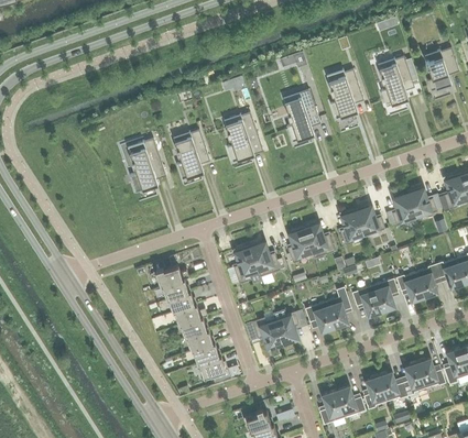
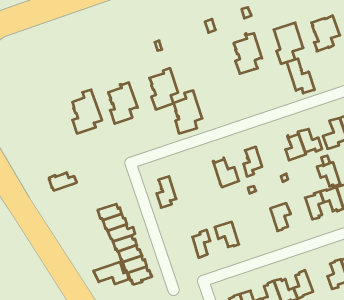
building: [284,89,319,142] -> [174,91,202,133]
building: none -> [287,59,314,93]
building: [355,205,384,233] -> none
building: [286,227,311,263] -> none
building: [248,241,280,277] -> none
building: [154,265,188,287] -> [49,173,77,190]
building: [395,272,424,302] -> [317,162,340,186]
building: [351,285,381,316] -> none
building: [325,287,350,329] -> none
building: [251,317,284,350] -> none
building: none -> [94,262,129,284]
building: [415,359,445,387] -> none

